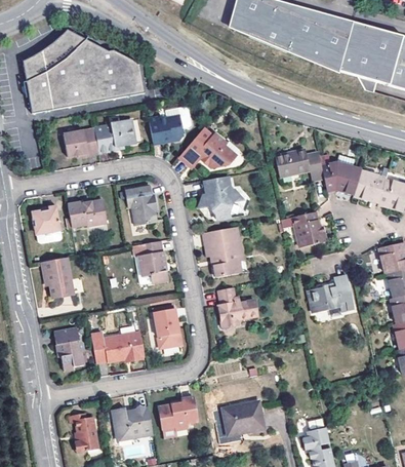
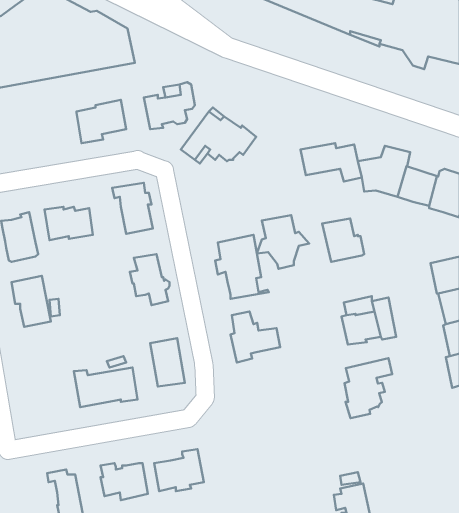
building: [65,127,100,156] -> none
building: [199,177,241,220] -> [257,215,309,269]
building: none -> [345,358,392,418]
building: [54,329,84,373] -> none
building: [221,403,262,437] -> none

